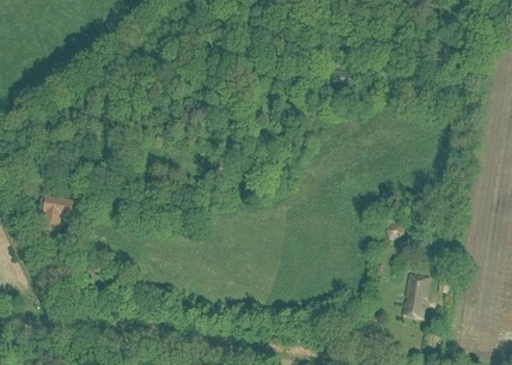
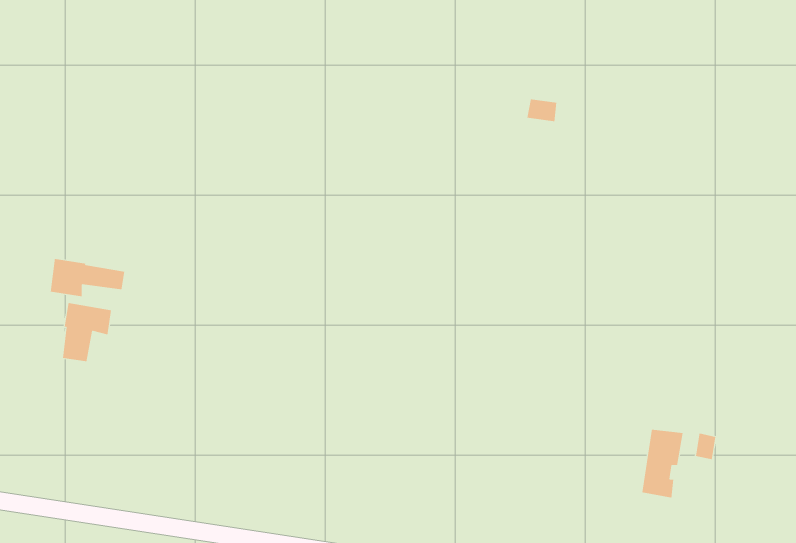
building: none -> [50,258,125,297]

